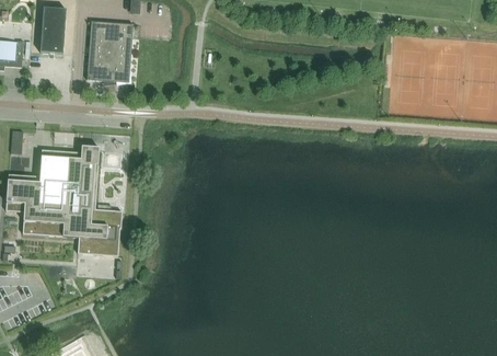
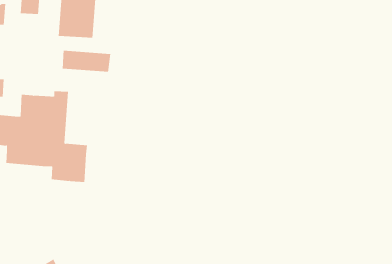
building: none -> [62,50,111,72]

